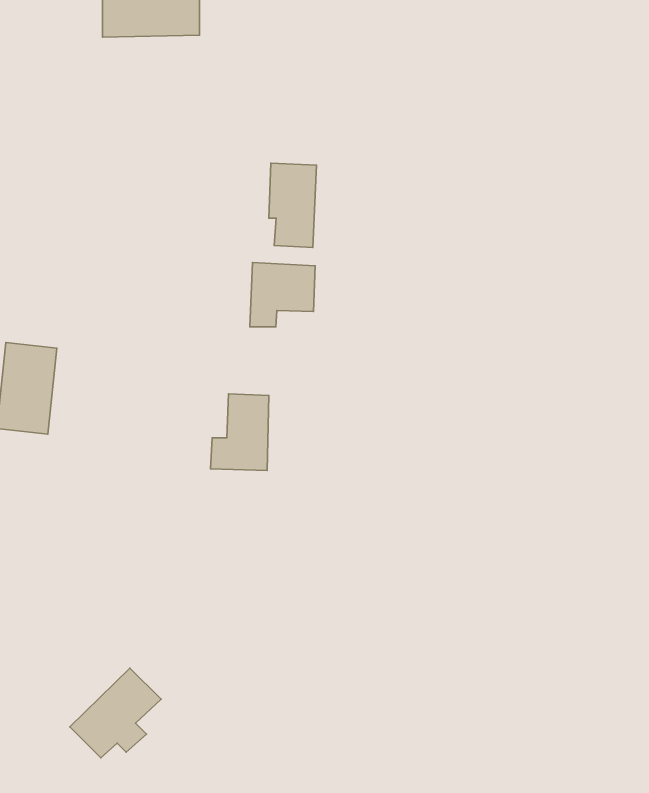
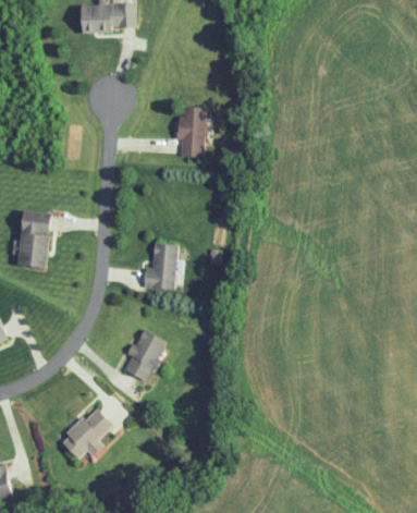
building: [250,262,315,327] -> none
building: none -> [124,330,164,380]

